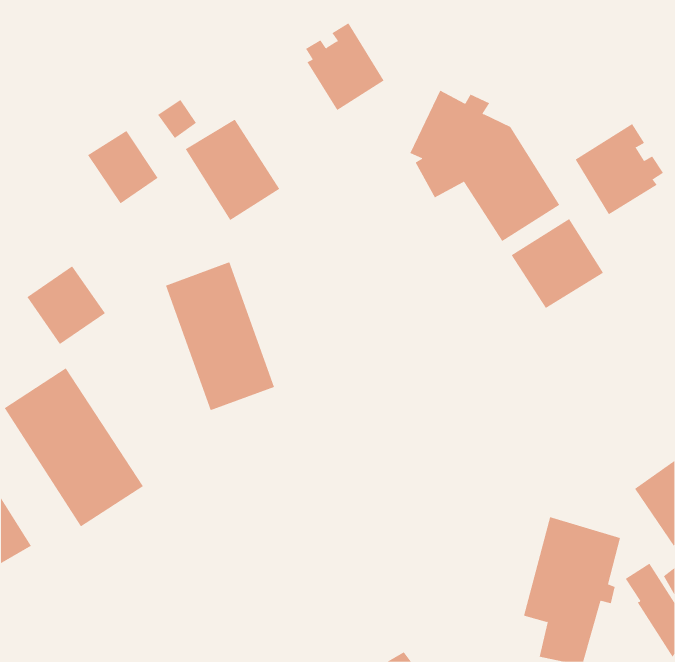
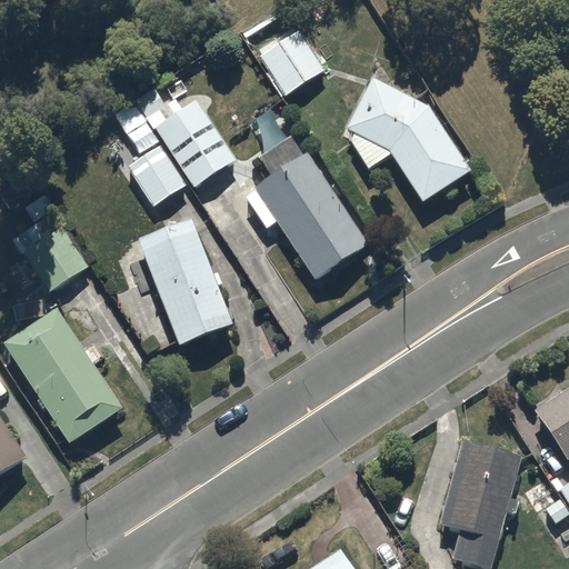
building: [575,123,664,215] -> none
building: [87,130,159,204] -> [126,142,186,204]
building: none -> [244,134,368,281]
building: [511,218,604,309] -> none

